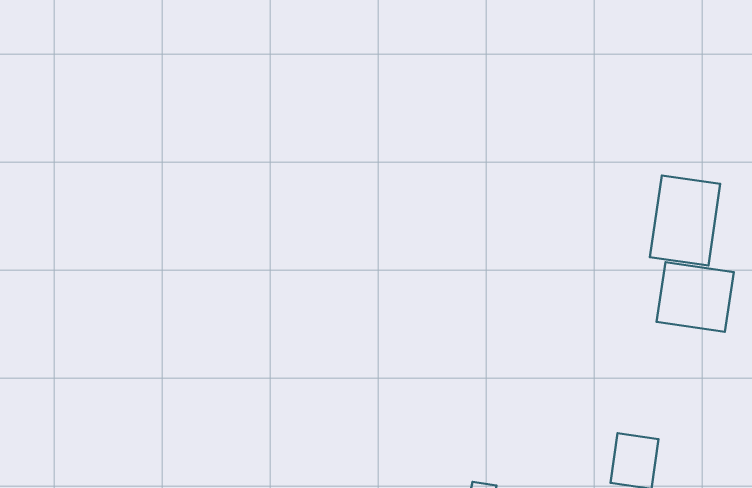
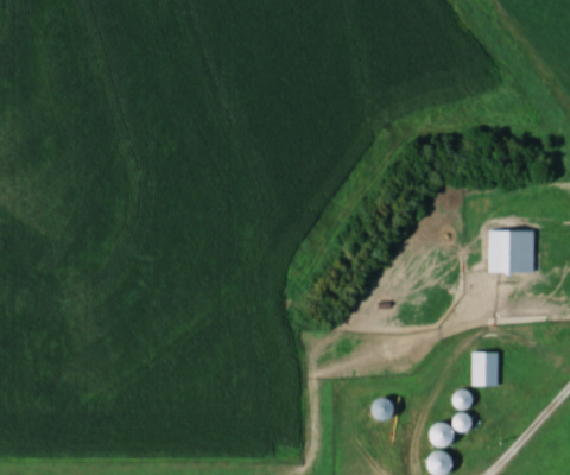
building: [650,175,720,266] -> none

